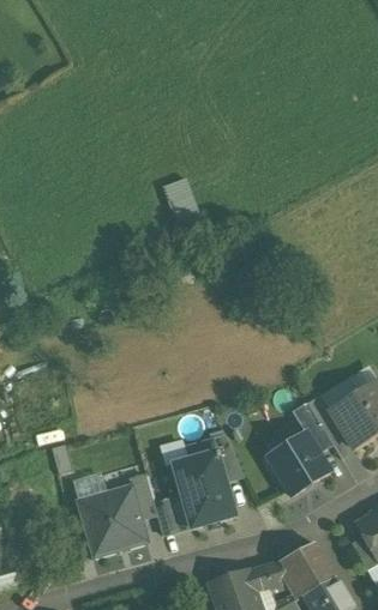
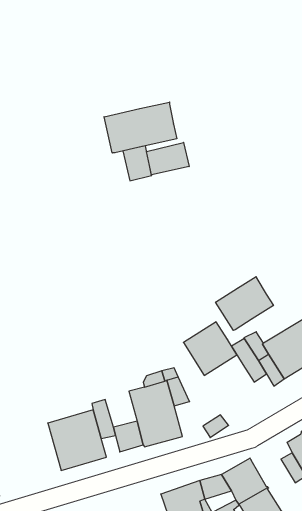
building: none -> [104,102,177,153]
building: none -> [147,142,189,175]
building: none -> [216,277,273,330]
building: [266,431,329,494] -> [183,322,237,375]

